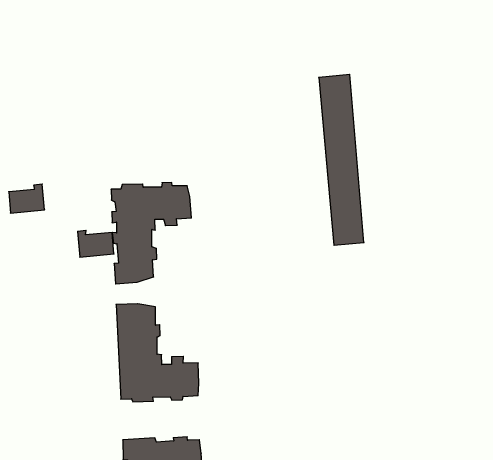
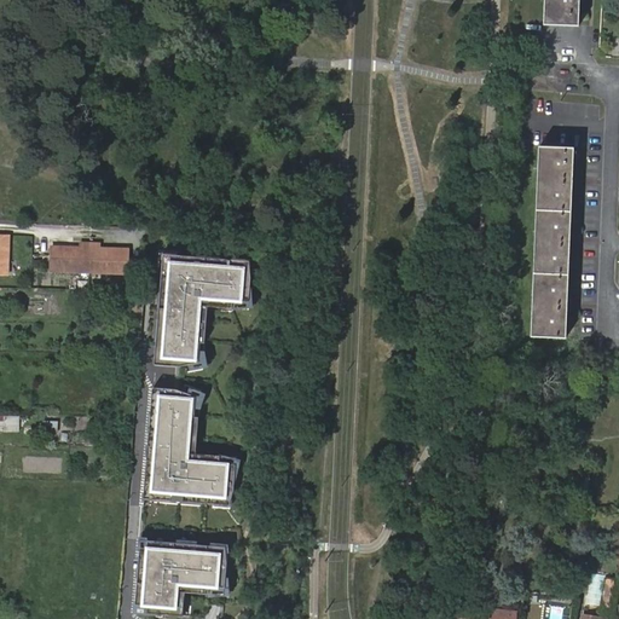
building: [319,74,364,245] -> [532,146,574,337]
building: [78,230,114,257] -> [86,242,126,272]

